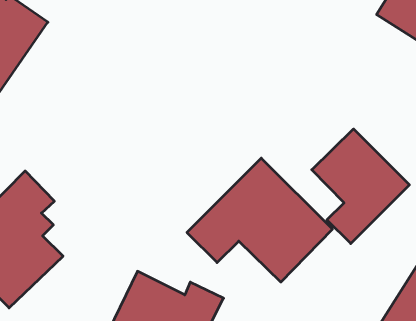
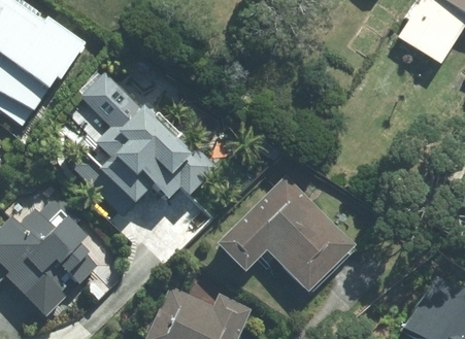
building: none -> [75,72,219,215]
building: [312,129,409,244] -> none

